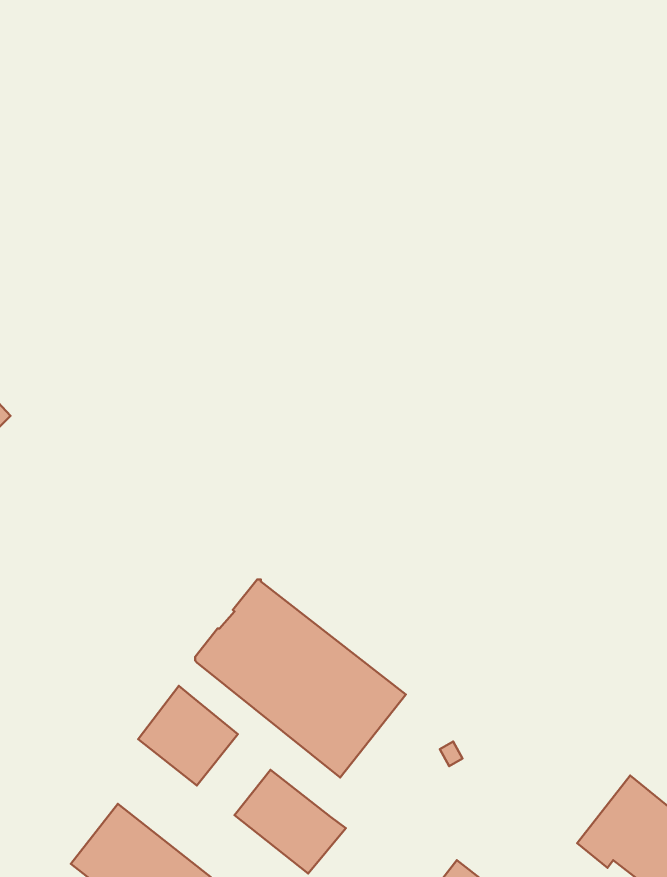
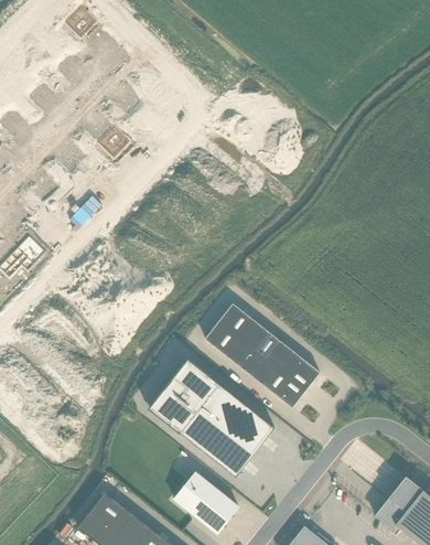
building: none -> [204,302,319,406]
building: [138,686,238,786] -> none

